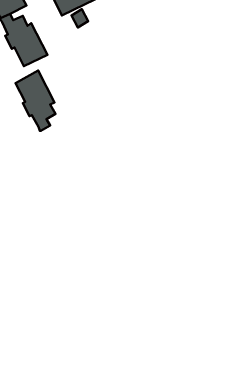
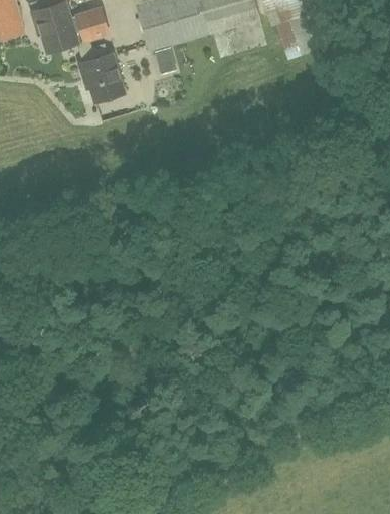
building: [16,71,56,131] -> none

